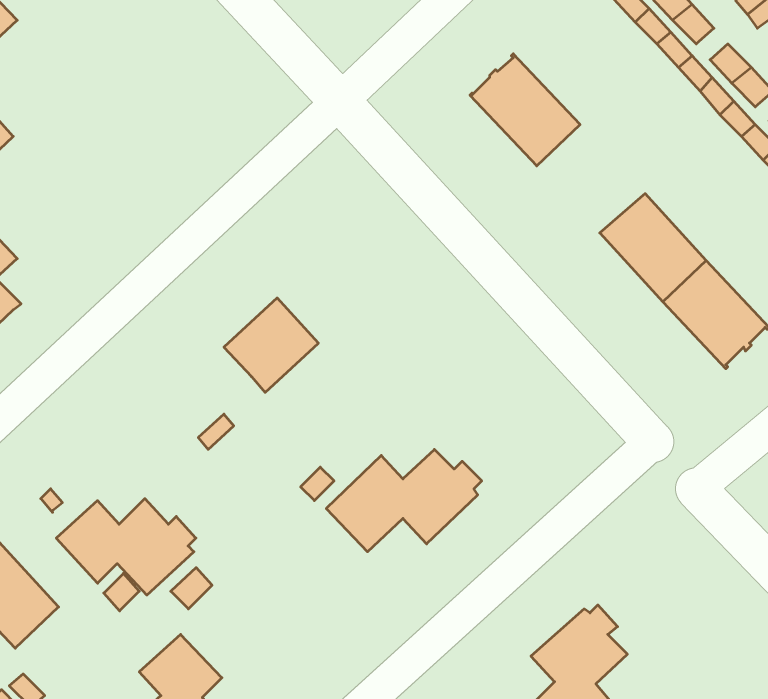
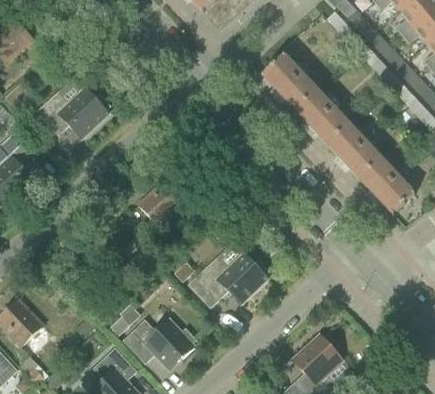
building: none -> [38,88,109,137]
building: none -> [296,89,351,144]
building: [56,499,196,595] -> [124,319,195,368]

